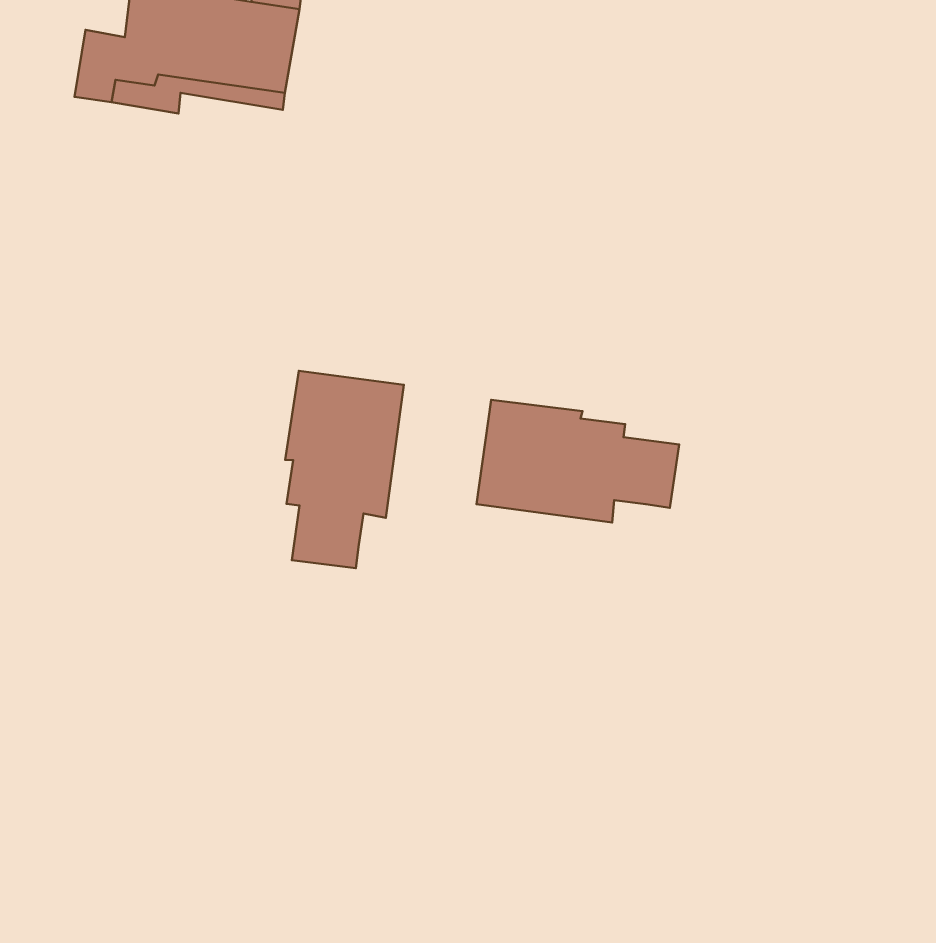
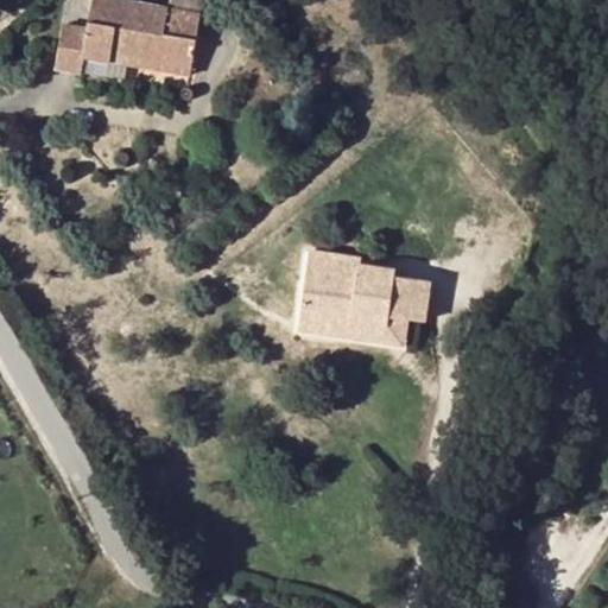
building: [285,371,404,568] -> none
building: none -> [302,319,412,348]

